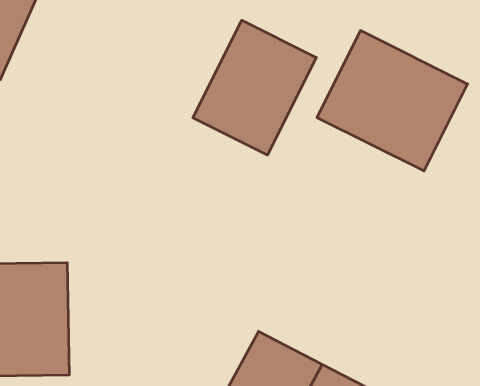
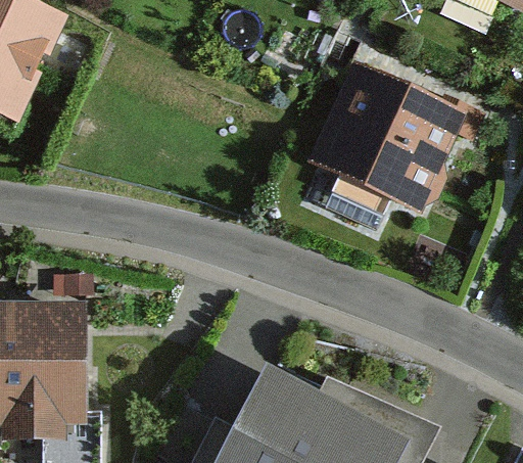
building: [193,20,316,155] -> none

